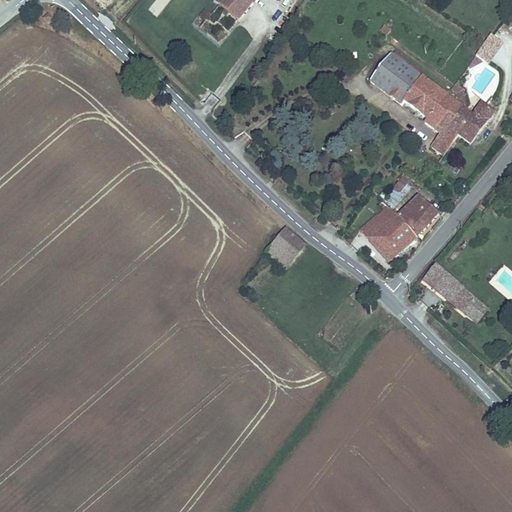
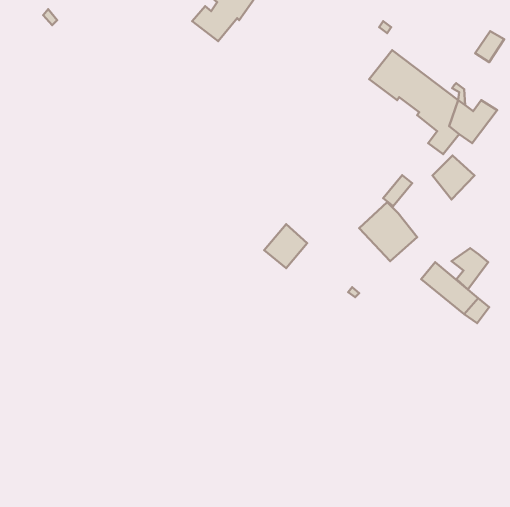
building: [398,193,440,237] -> [432,156,474,200]
building: none -> [452,248,488,289]

